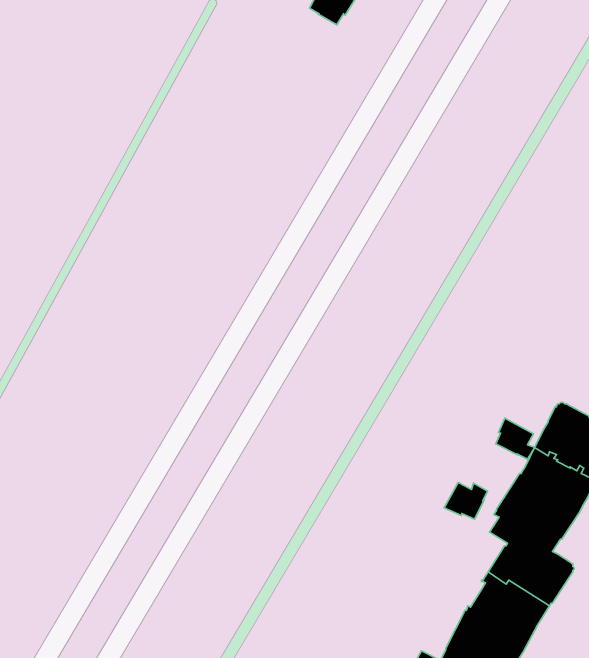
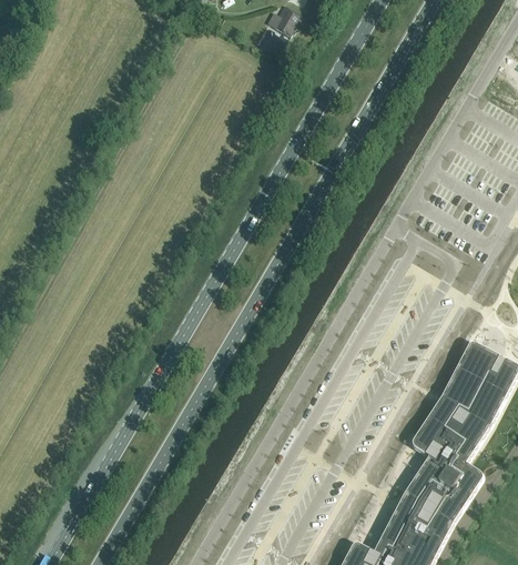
building: [496,418,535,459] -> none
building: [444,483,488,519] -> none

